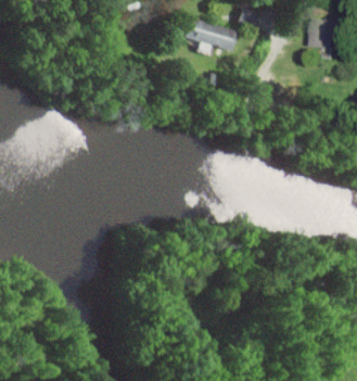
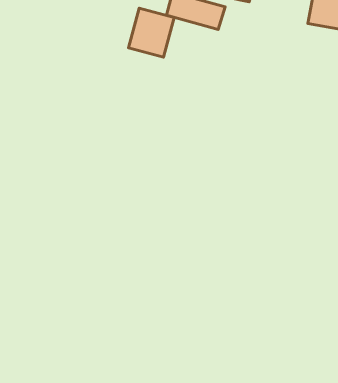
building: none -> [128,8,174,57]

